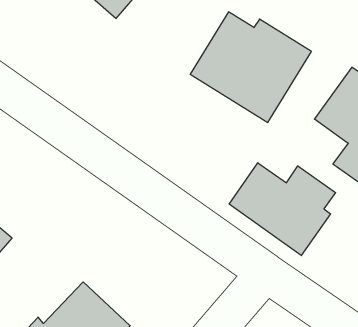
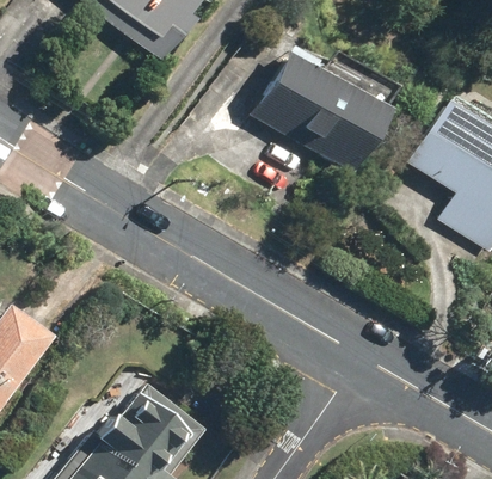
building: [229,163,336,256] -> none

